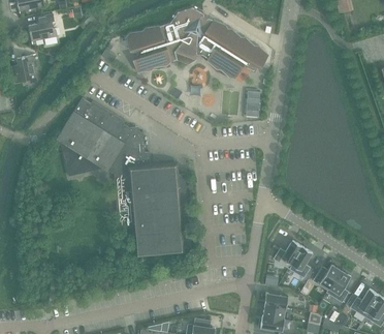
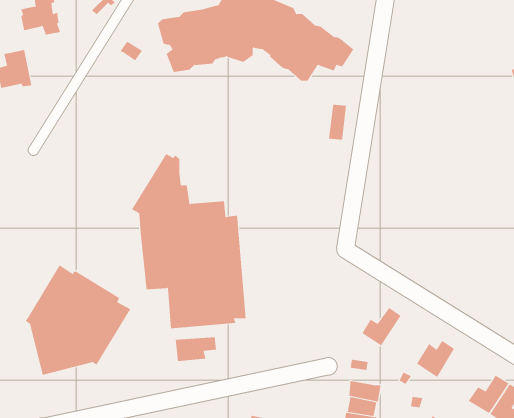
building: [56,97,132,177] -> [25,265,131,376]
building: [287,246,312,278] -> none
building: none -> [175,337,217,362]
building: [325,270,350,302] -> none

